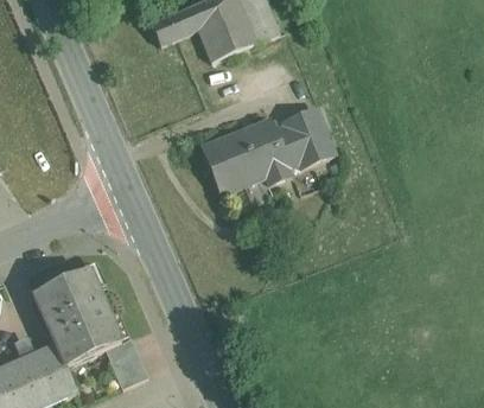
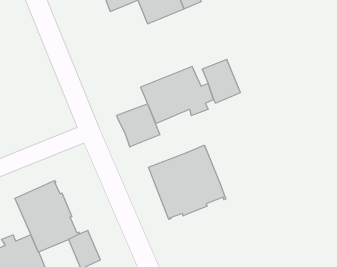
building: none -> [117,104,160,147]
building: none -> [149,145,226,219]

